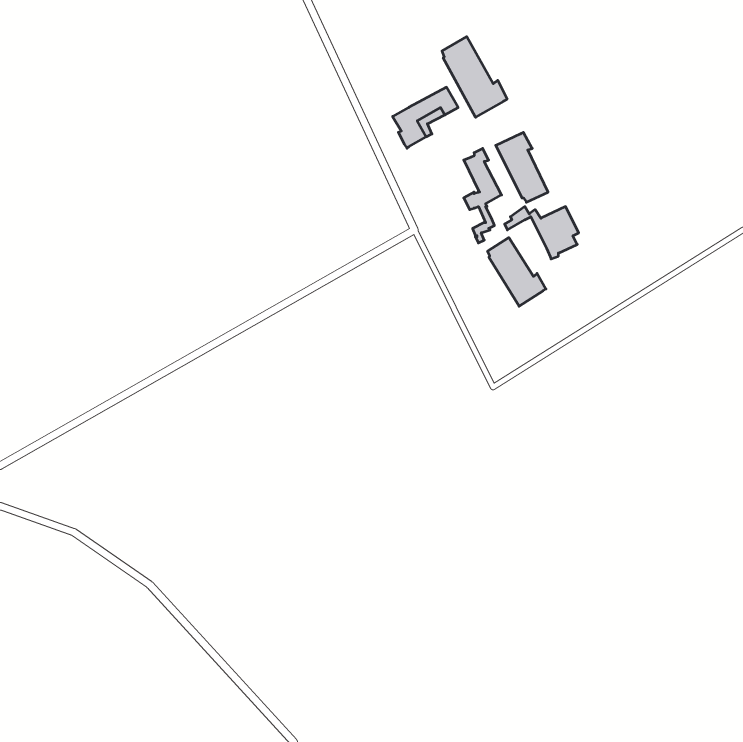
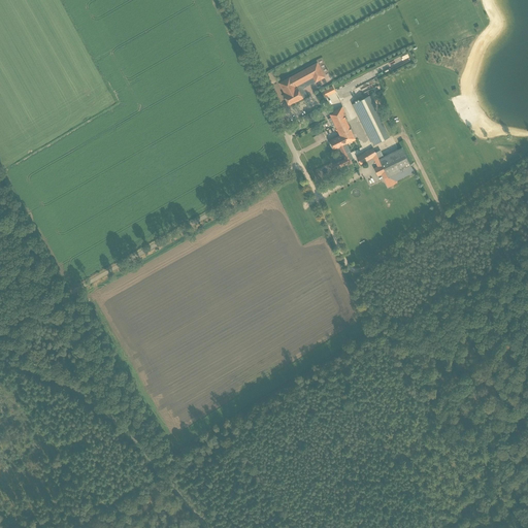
building: [442,37,507,117] -> none
building: [488,238,546,306] -> none

